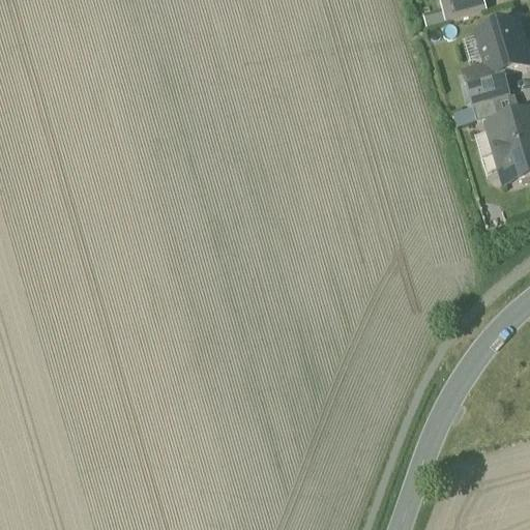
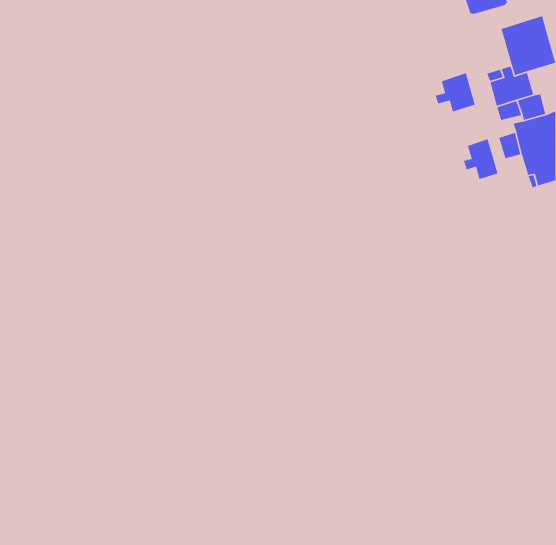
building: none -> [435,72,476,113]
building: none -> [463,138,499,180]

